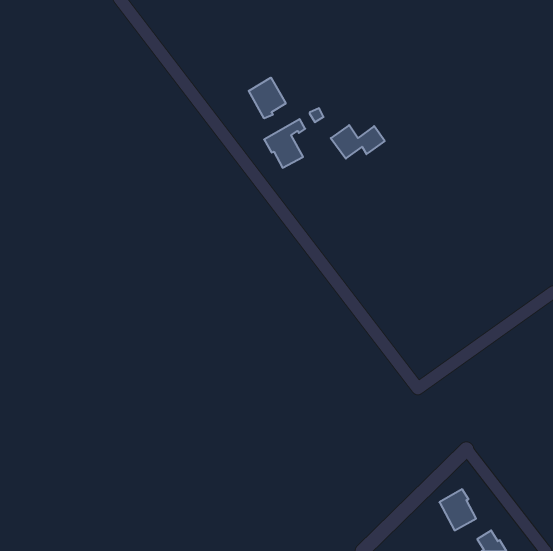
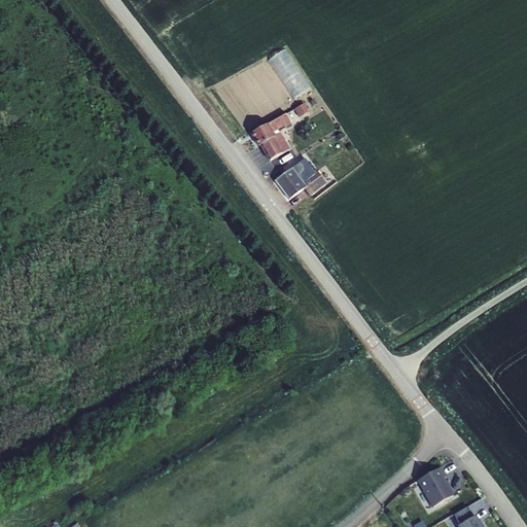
building: [249,78,286,118] -> none
building: [331,125,385,159] -> [275,167,326,199]

